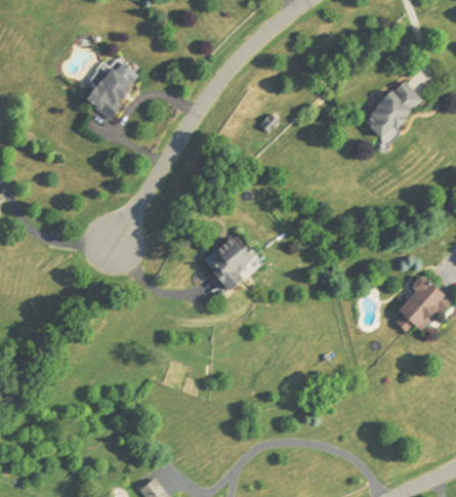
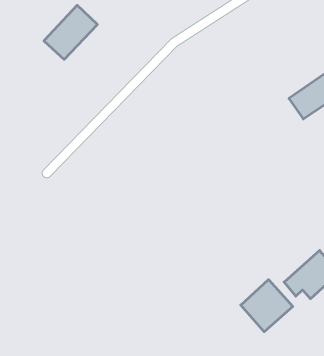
building: [202,232,262,291] -> none
building: none -> [241,280,293,332]

